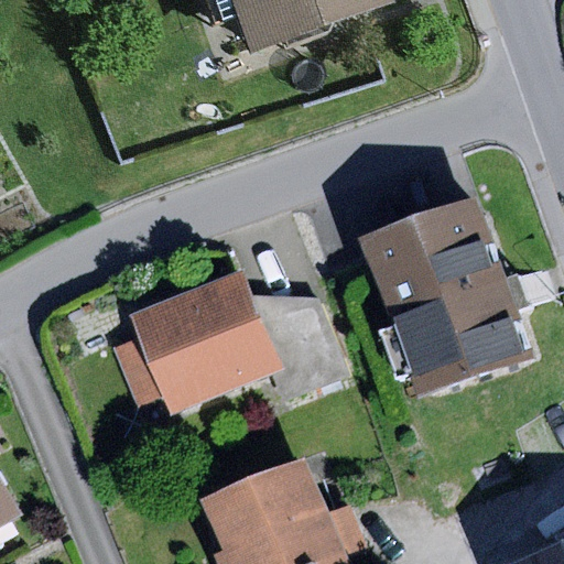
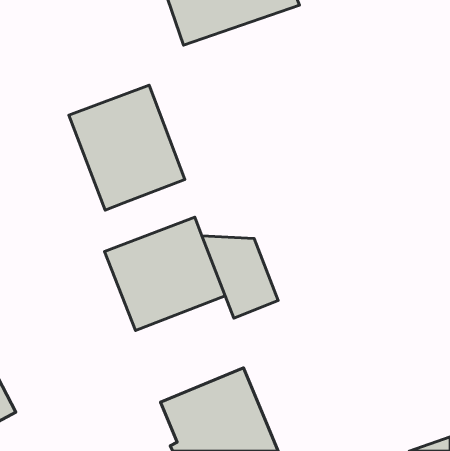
building: none -> [69,85,185,210]
building: [360,199,532,398] -> none

